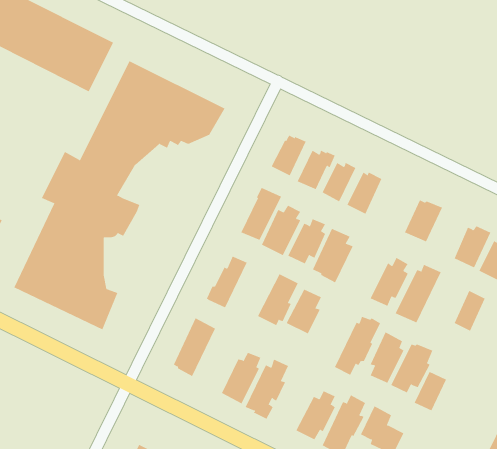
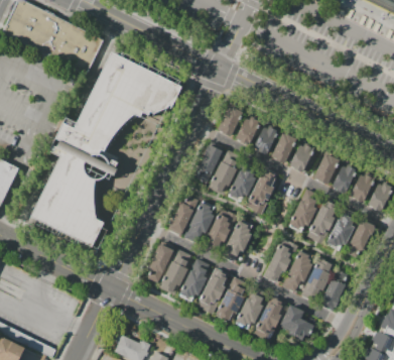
building: none -> [289,140,316,173]
building: none -> [330,163,359,196]
building: none -> [189,201,216,239]
building: none -> [325,214,355,251]
building: none -> [159,256,189,294]
building: none -> [215,284,245,324]

